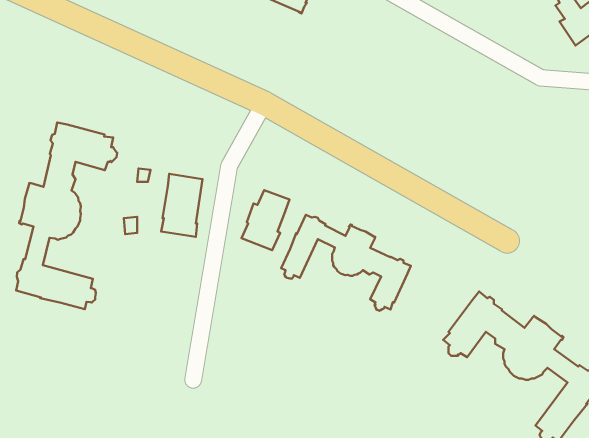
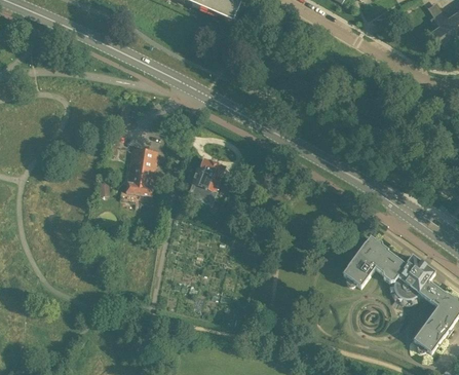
building: [16,122,117,309] -> none
building: [281,215,411,311] -> none

